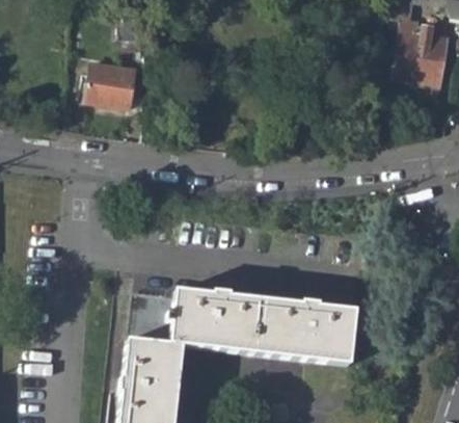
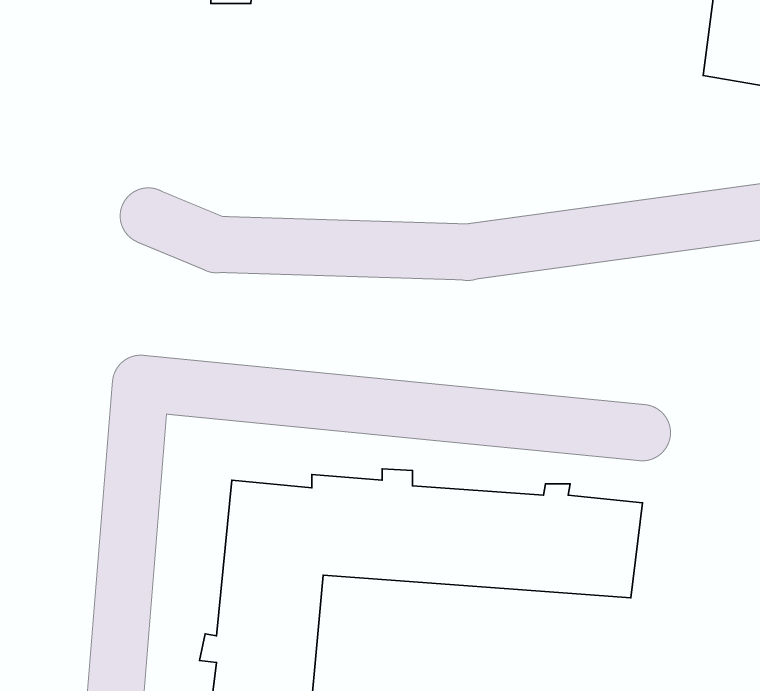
building: [85,61,135,107] -> none

